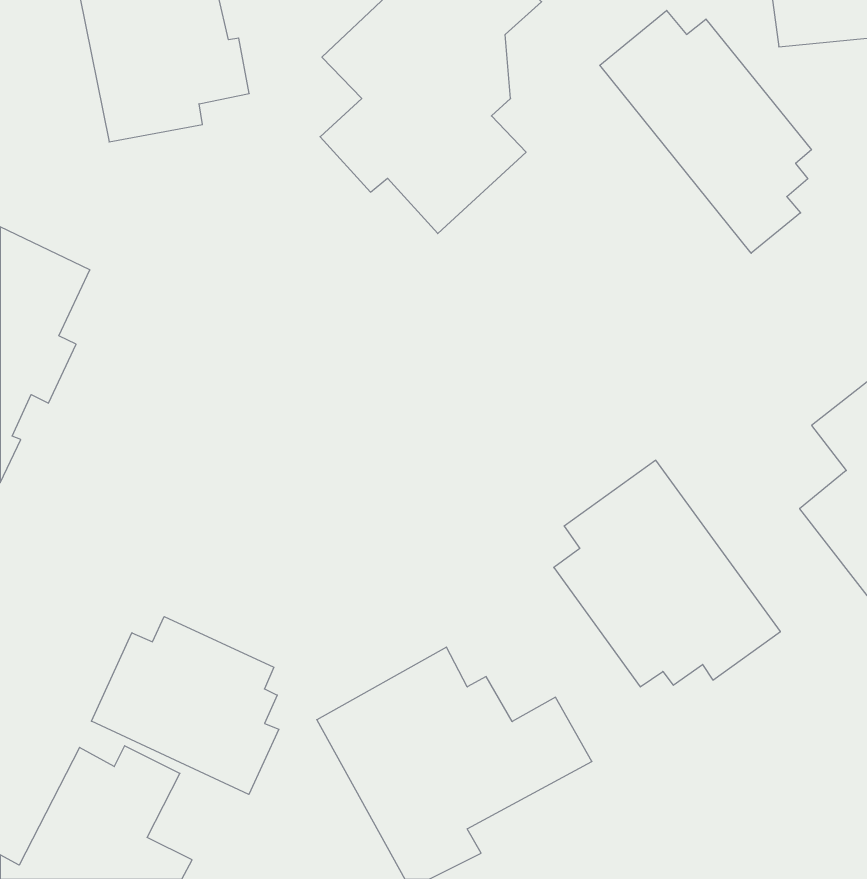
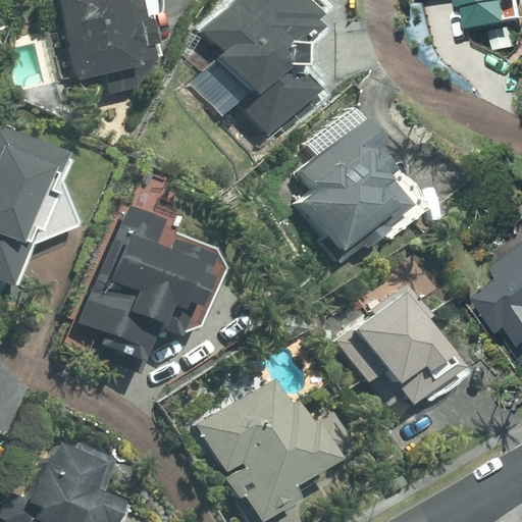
building: [600,10,811,253] -> none
building: none -> [280,105,433,253]
building: none -> [67,208,226,372]
building: [91,617,279,794] -> none

